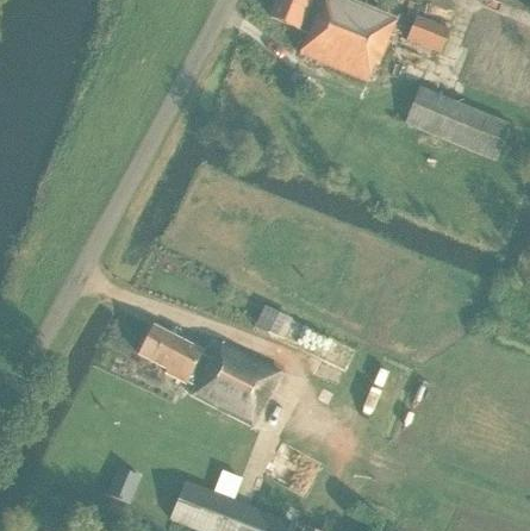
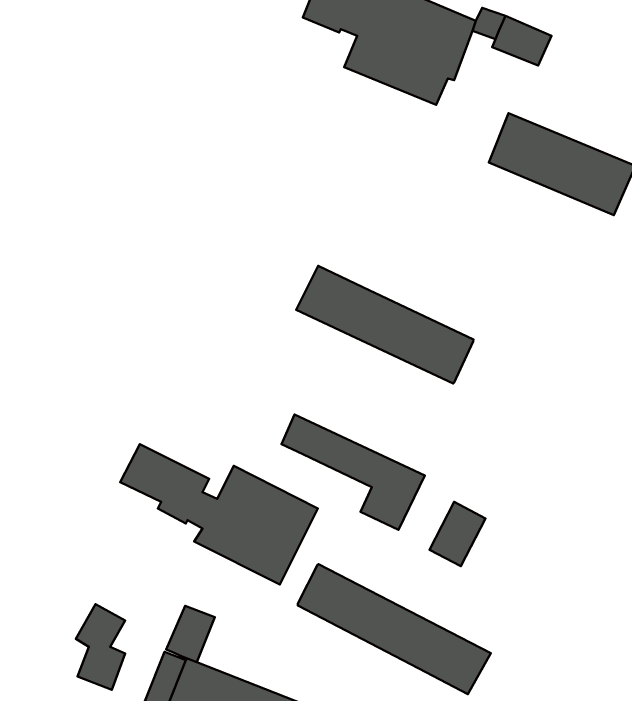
building: none -> [296,266,473,383]
building: none -> [298,564,491,694]
building: none -> [166,606,215,662]

